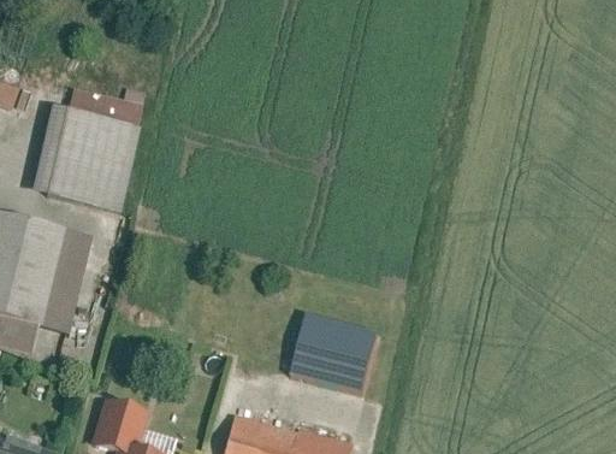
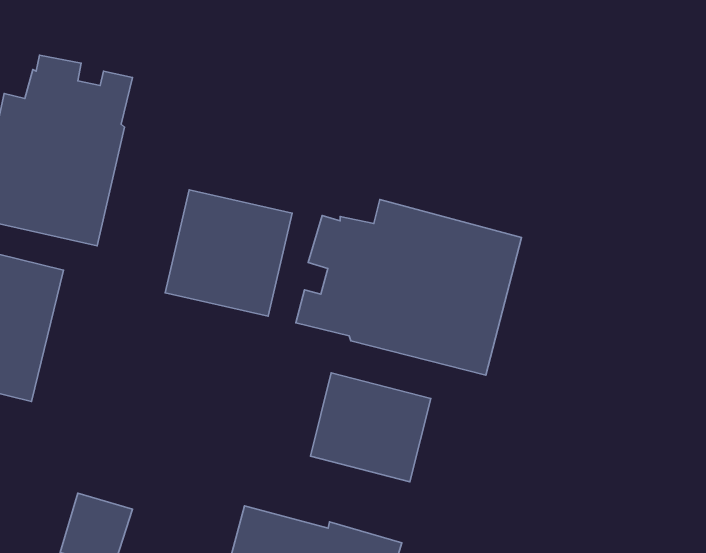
building: none -> [165,190,292,316]
building: none -> [296,200,521,375]

